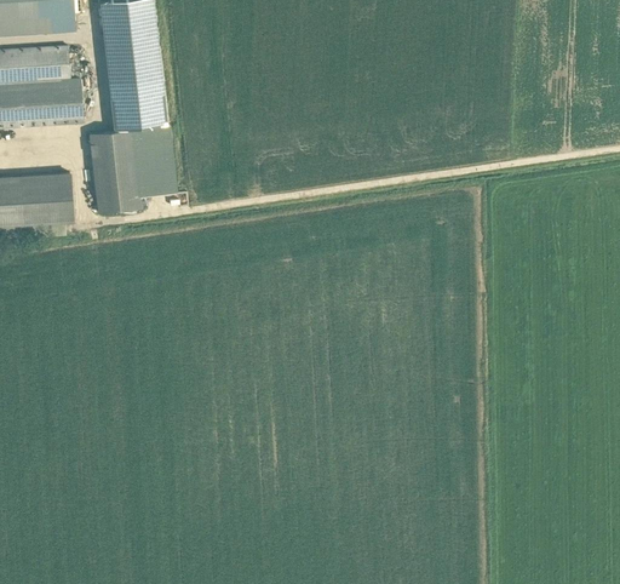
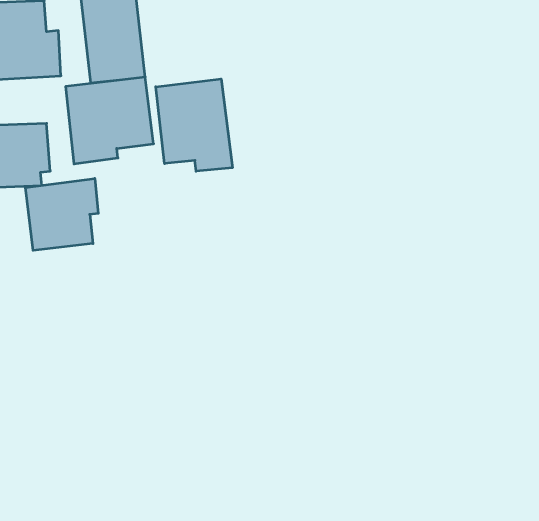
building: none -> [156,79,232,171]
building: none -> [26,178,98,250]

